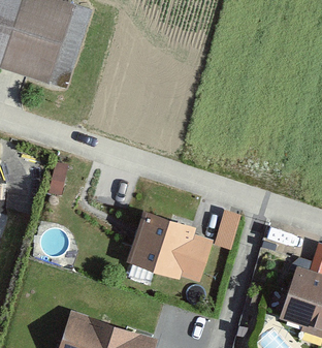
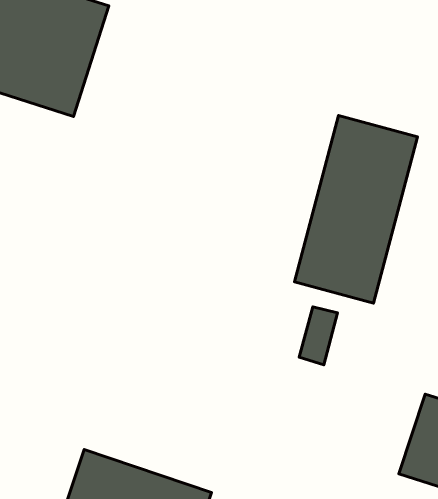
building: none -> [295,116,417,303]
building: [130,212,212,284] -> none

